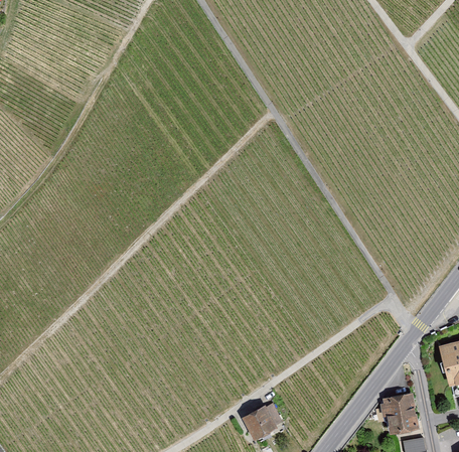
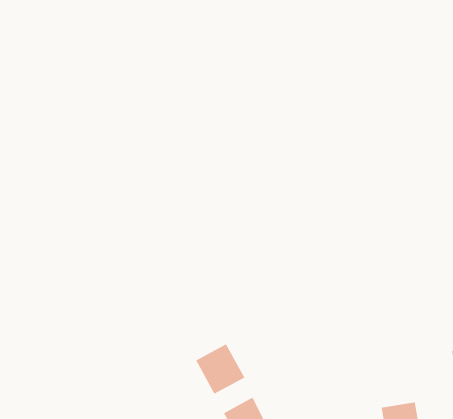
building: none -> [195,344,245,395]

